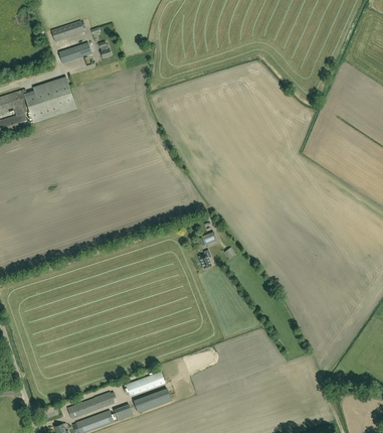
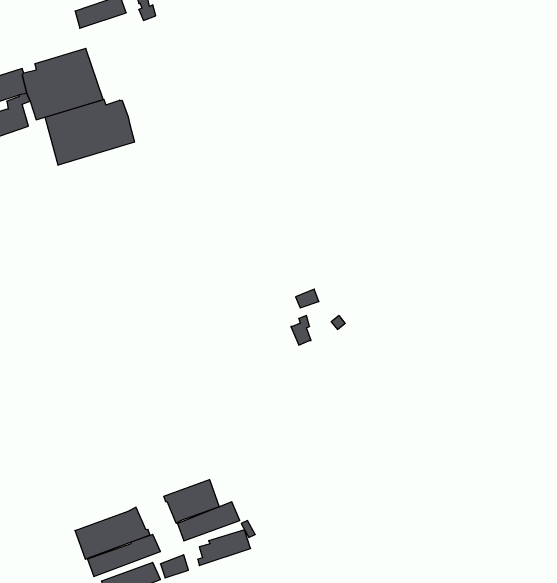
building: none -> [45,99,134,165]
building: none -> [164,480,219,523]
building: none -> [75,507,150,559]

